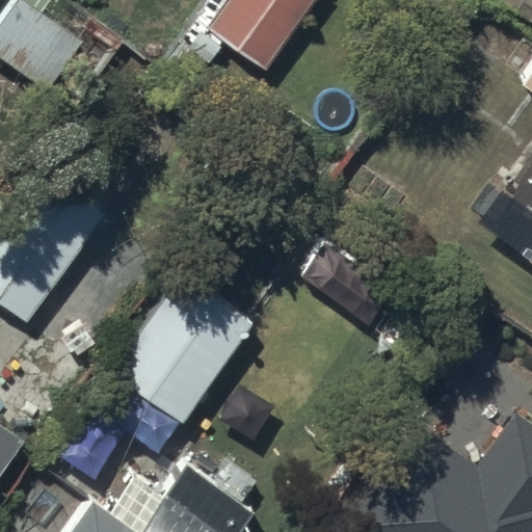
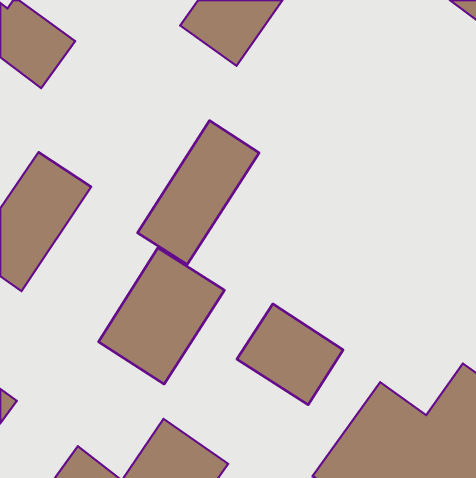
building: none -> [137,120,259,265]
building: none -> [237,304,343,405]

